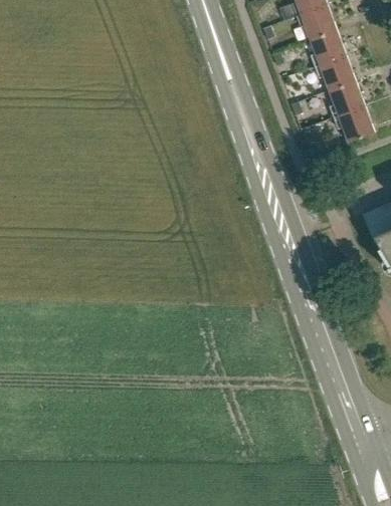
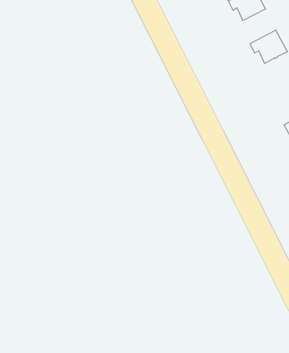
building: [330,83,366,120] -> none

